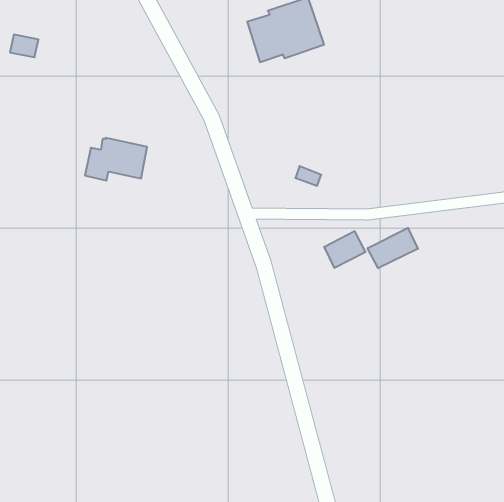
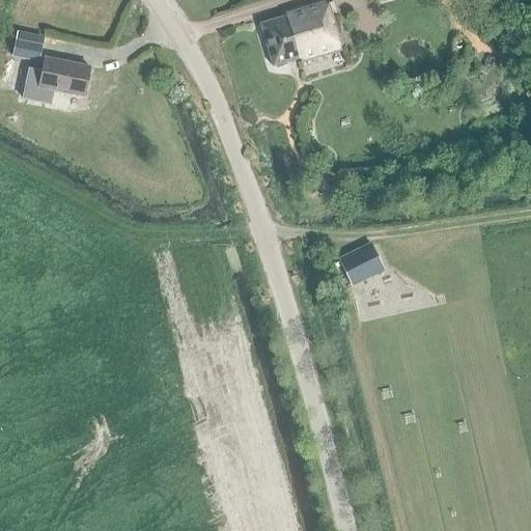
building: [85,138,147,180] -> [24,54,89,99]
building: [368,228,418,268] -> none

